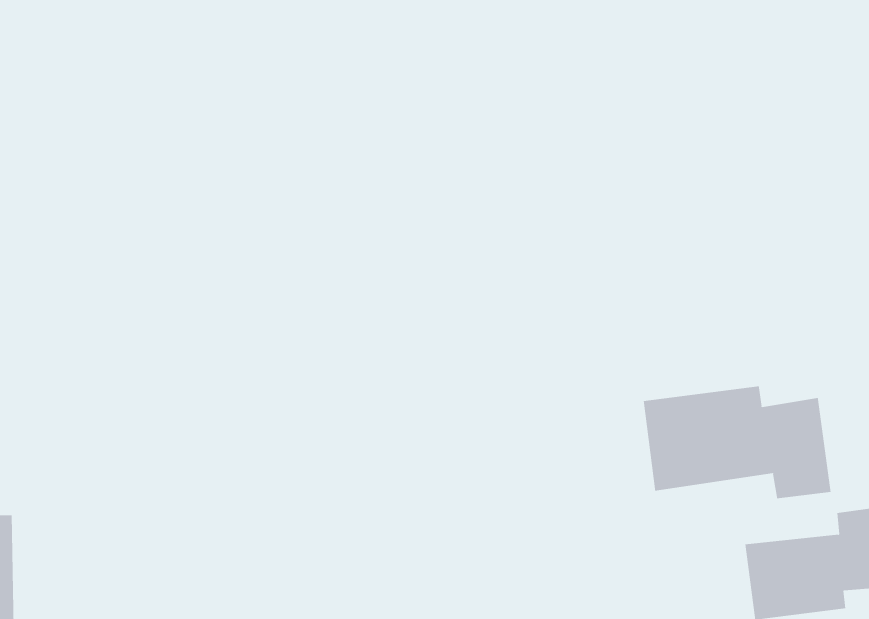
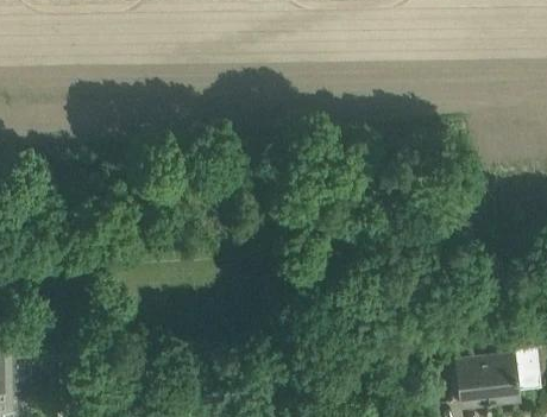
building: [643,386,831,499] -> none

